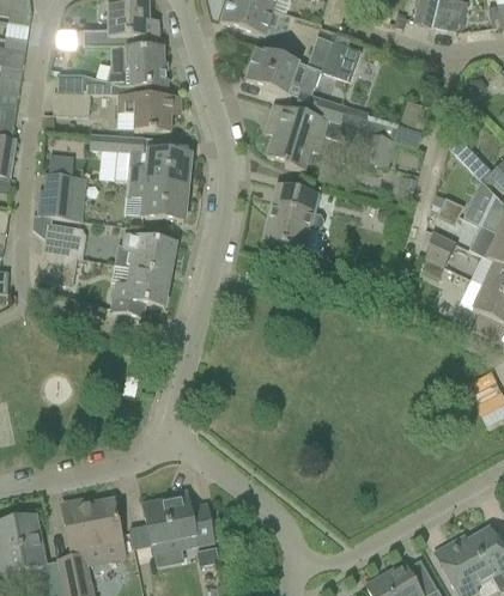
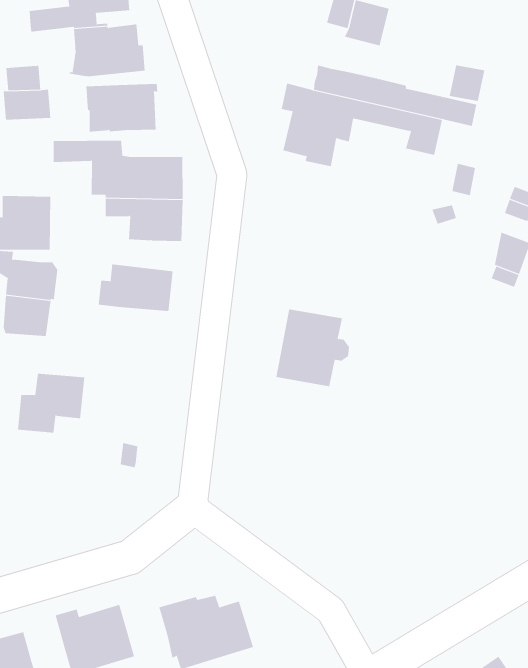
building: [245,45,321,93] -> none
building: [262,184,322,248] -> [275,309,350,387]
building: [113,267,169,315] -> [17,373,85,433]

